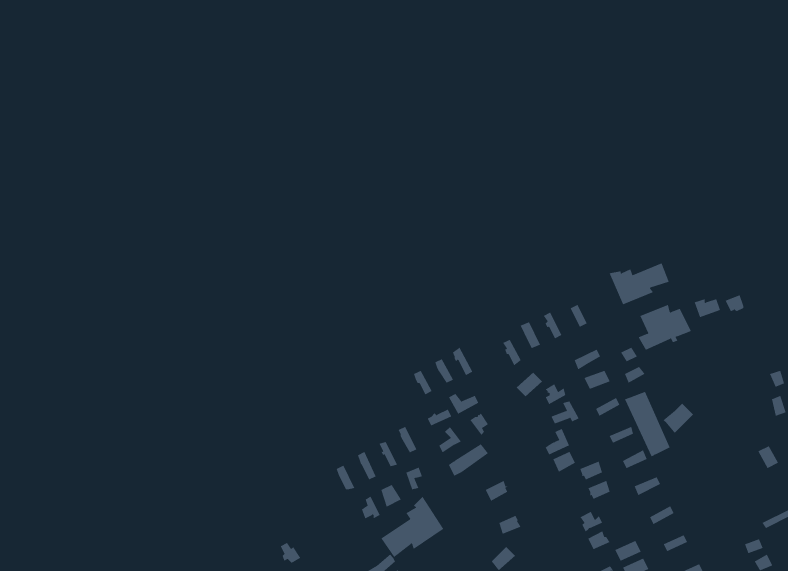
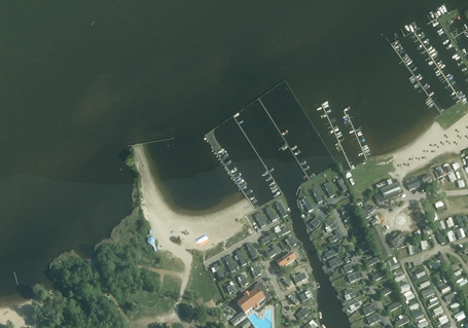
building: [609,262,669,305] -> none

